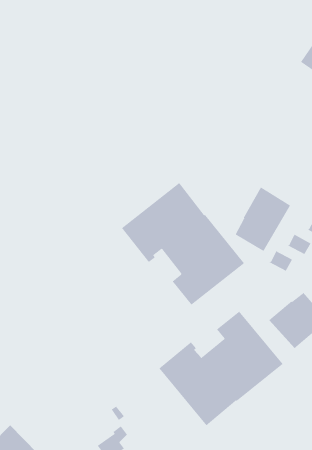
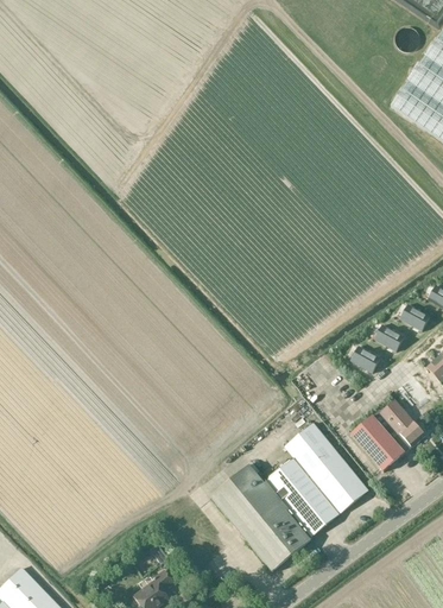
building: [121,182,245,306] -> none
building: [235,186,291,252] -> none

